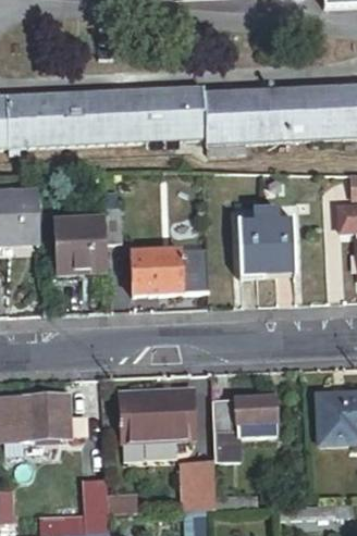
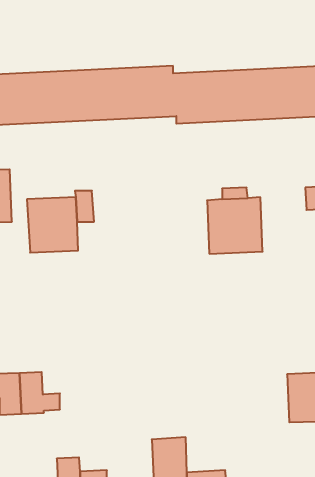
building: [131,249,208,294] -> none
building: [120,389,195,442] -> none
building: [213,399,283,462] -> none

